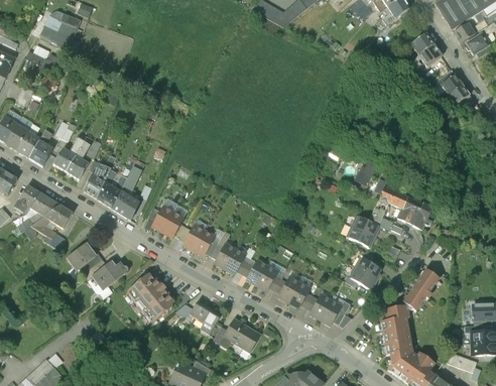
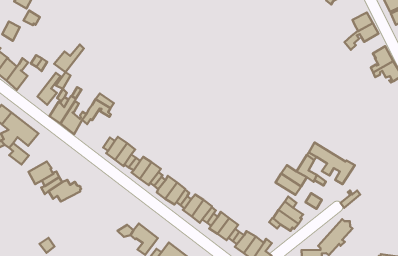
building: [52,138,84,171] -> [54,44,84,72]
building: [352,155,377,184] -> none
building: [113,191,138,220] -> none
building: [127,273,174,323] -> none

